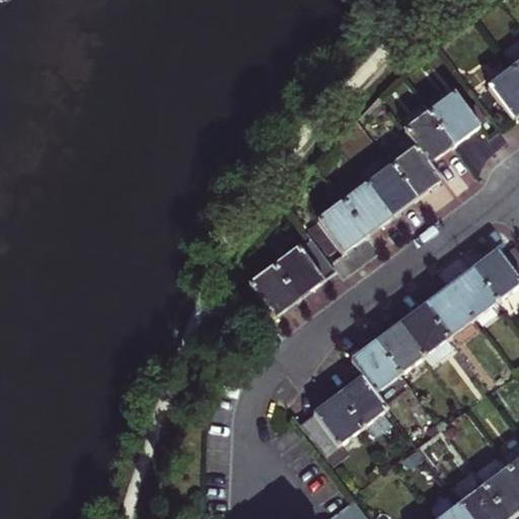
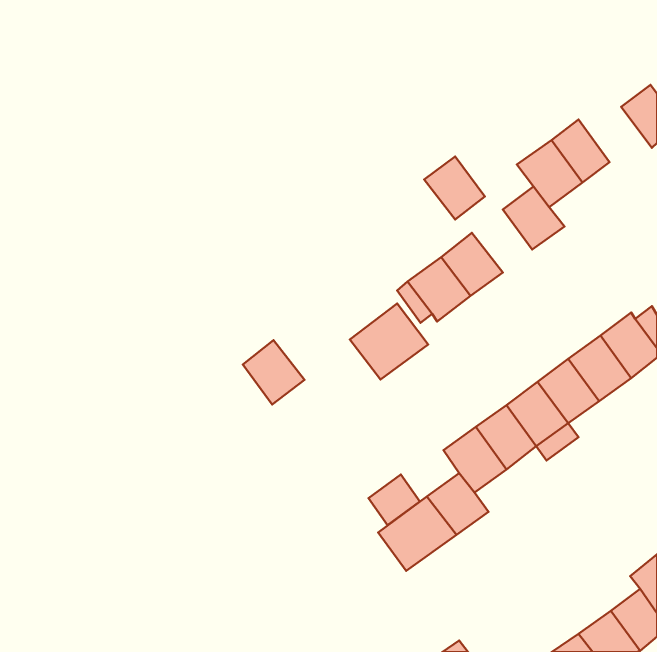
building: [372,165,420,215] -> [424,156,485,219]
building: [251,268,300,318] -> [243,340,304,404]
building: none -> [368,475,420,525]

